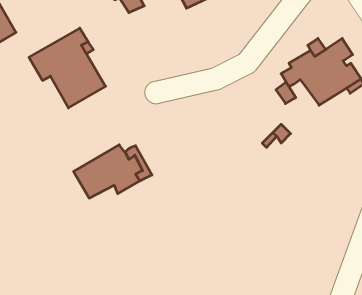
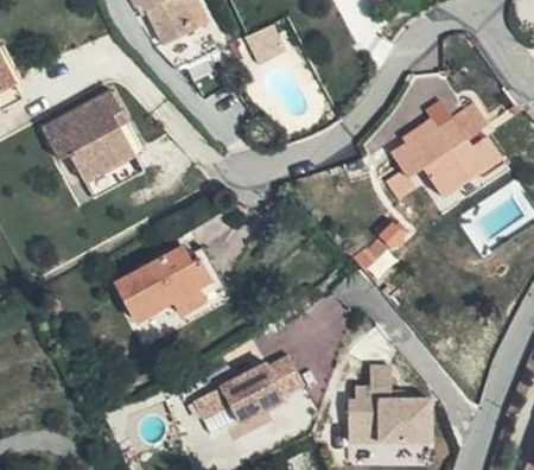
building: none -> [191,358,301,426]
building: none -> [350,362,432,439]

